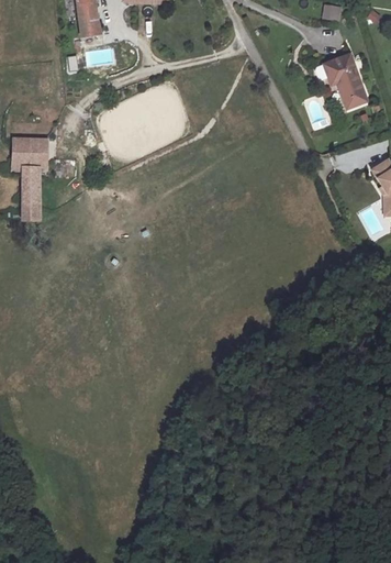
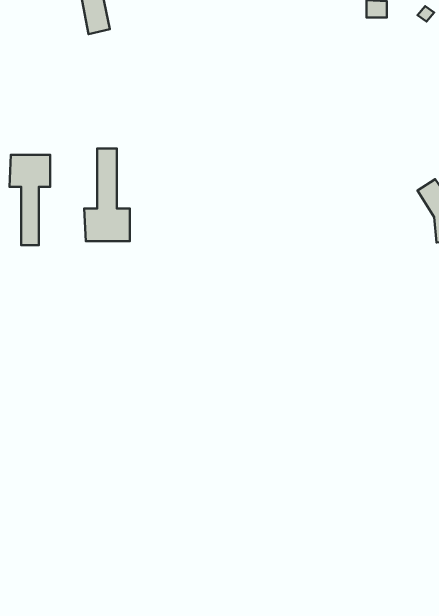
building: [327,57,373,109] -> none
building: none -> [84,148,130,241]

